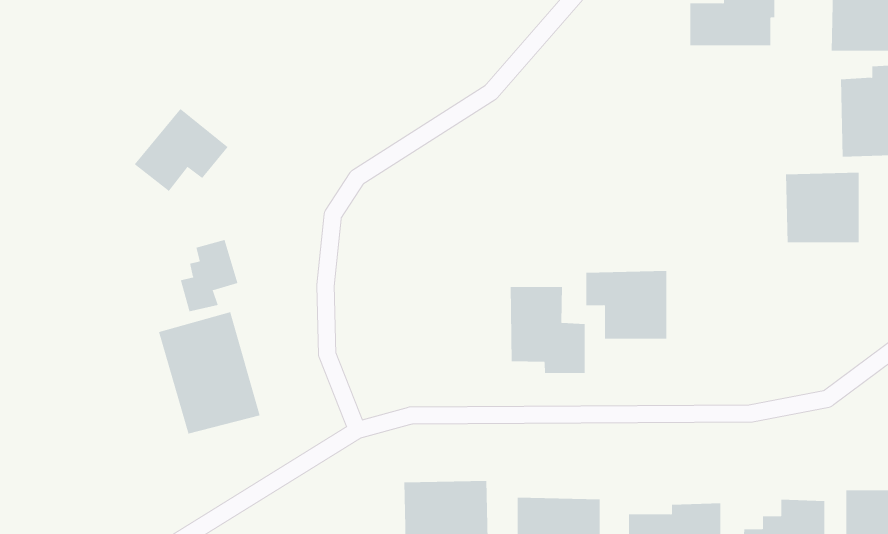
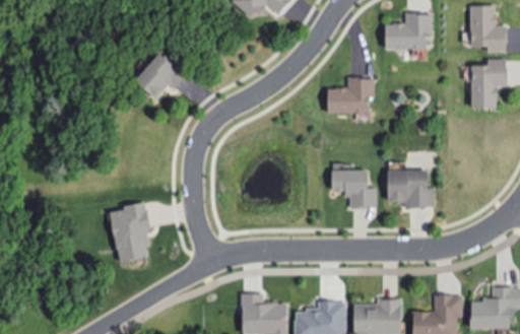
building: [134,108,229,192] -> [140,52,192,97]
building: none -> [322,85,369,116]
building: [785,172,859,243] -> [388,171,429,209]
building: [180,239,238,312] -> none
building: [510,286,585,374] -> none

